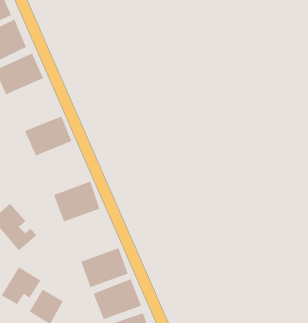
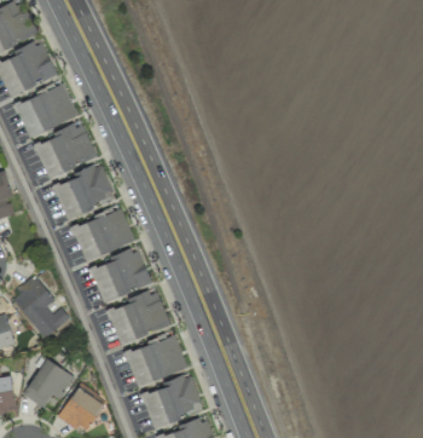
building: none -> [33,122,95,178]
building: none -> [74,209,133,258]
building: none -> [106,290,168,342]

